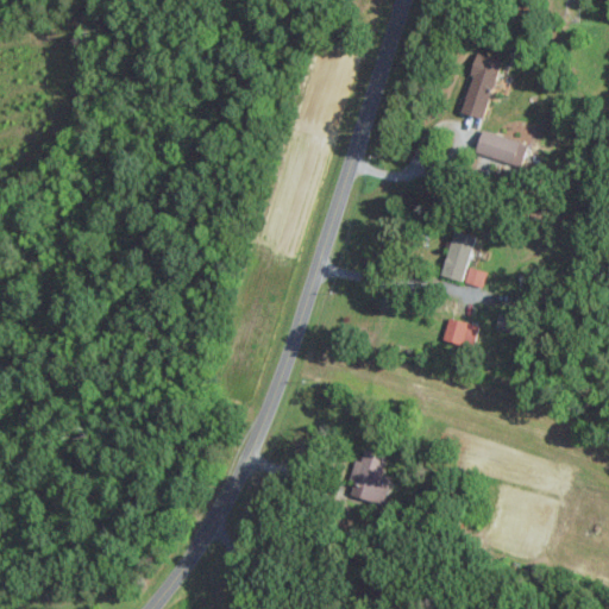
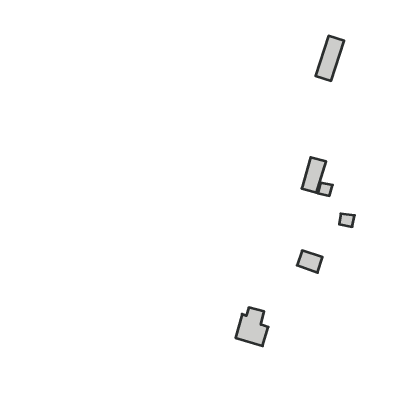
building: [476,130,520,164] -> none
building: [441,318,478,350] -> [297,251,322,273]

